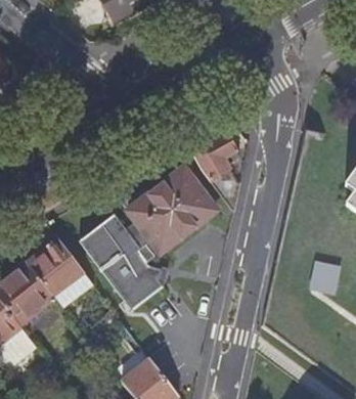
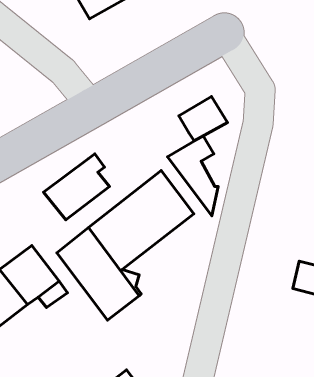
building: none -> [179,97,227,141]
building: none -> [43,154,109,220]

